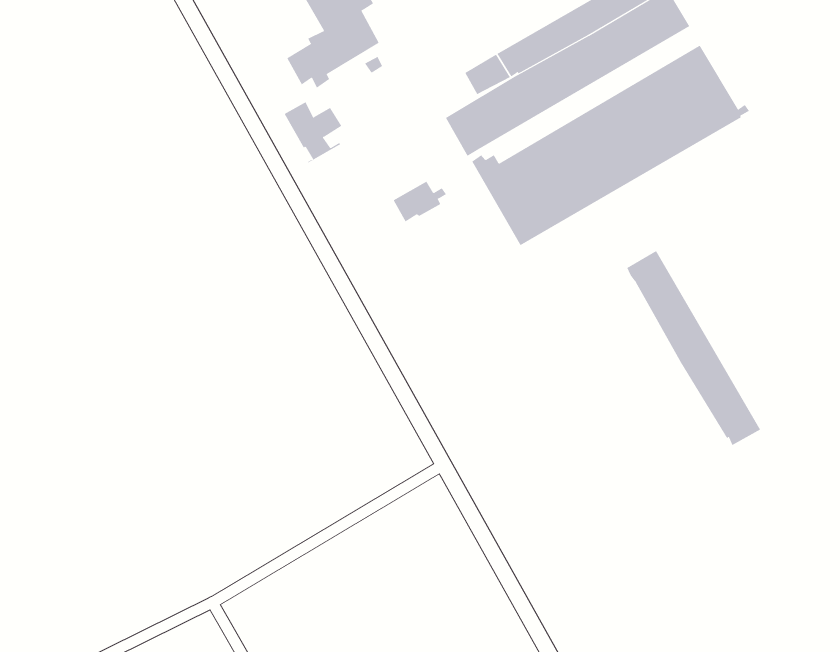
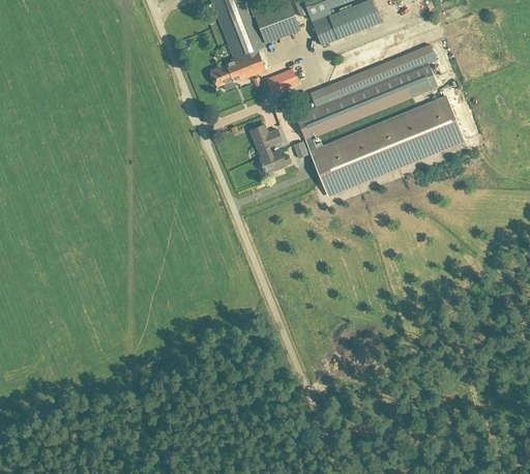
building: none -> [265,68,296,93]
building: [284,102,342,164] -> [249,124,282,159]
building: [626,250,761,446] -> none

